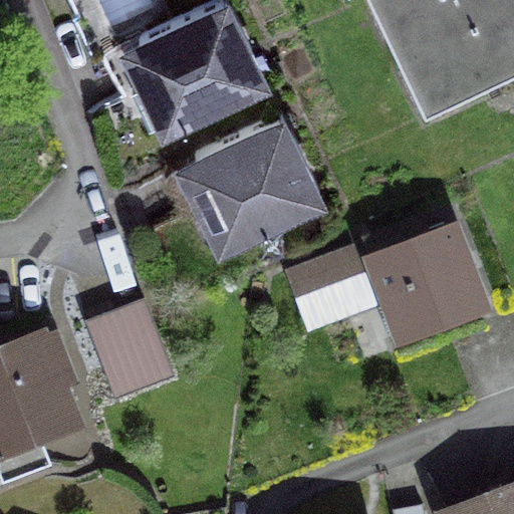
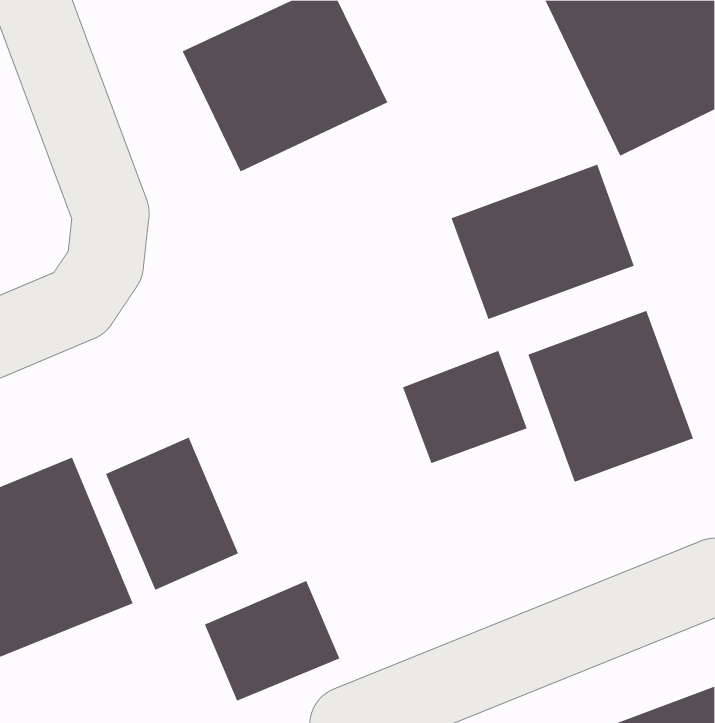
building: [172,118,321,255] -> none
building: none -> [451,164,635,320]
building: none -> [204,580,340,701]

